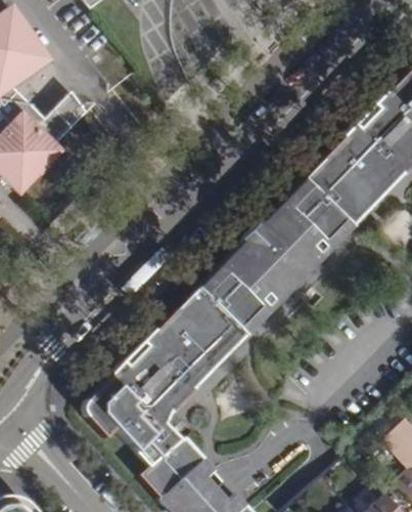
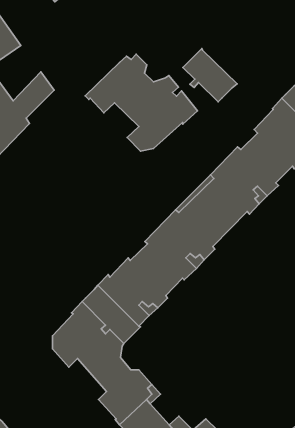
building: none -> [183,48,237,102]
building: none -> [85,54,198,151]

